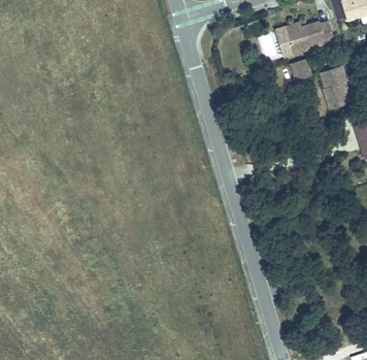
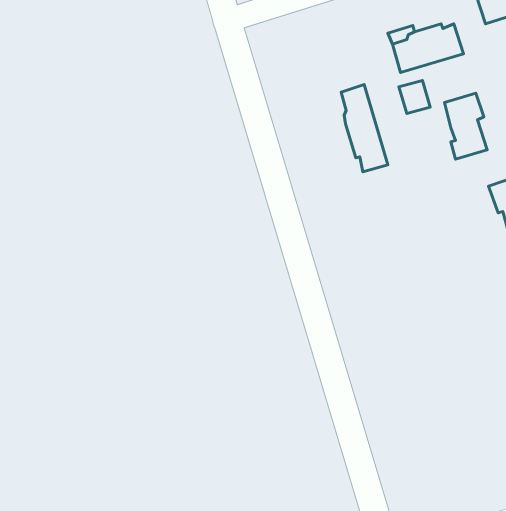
building: none -> [341,85,388,172]

